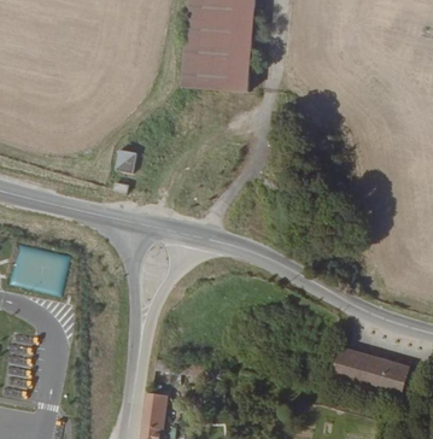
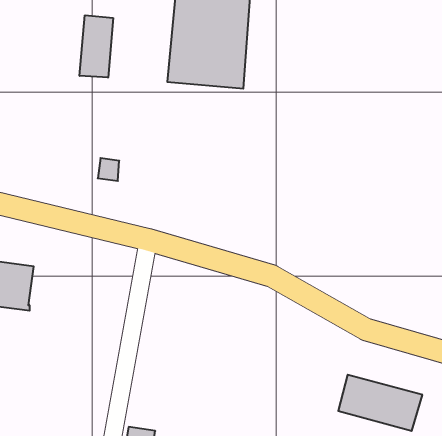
building: none -> [80,15,113,78]

